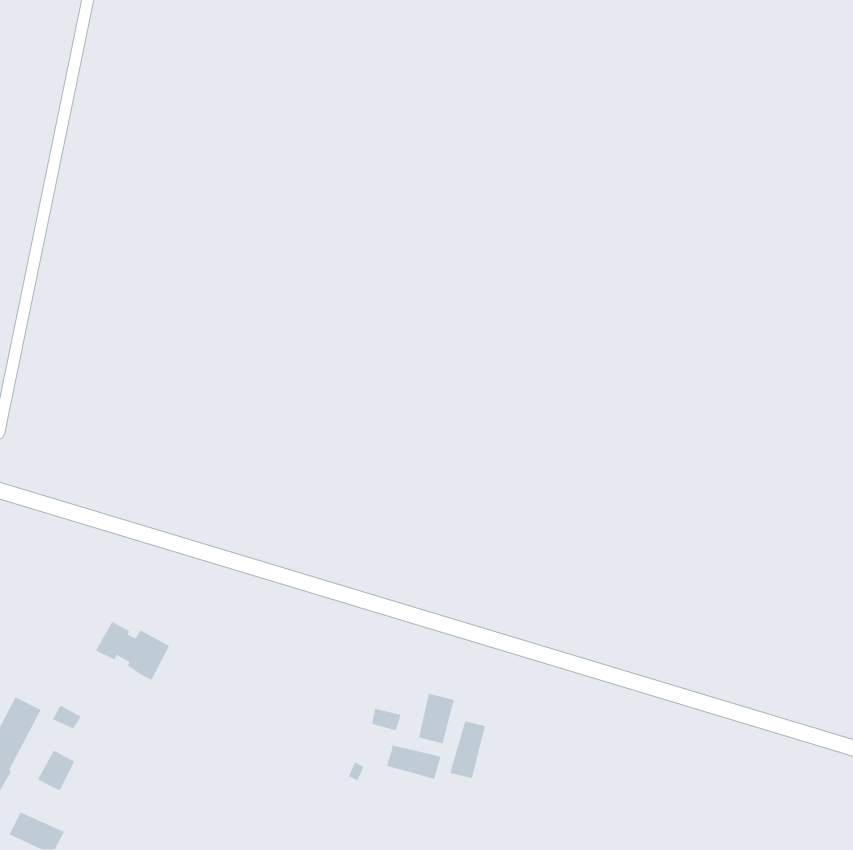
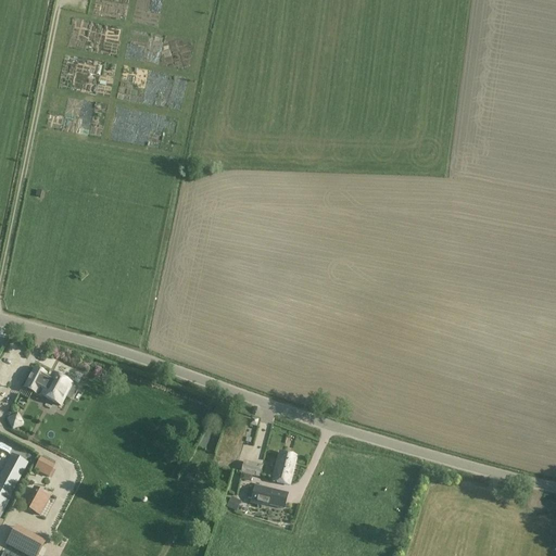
building: [95,621,170,681] -> [23,366,72,405]
building: [449,720,486,779] -> none

